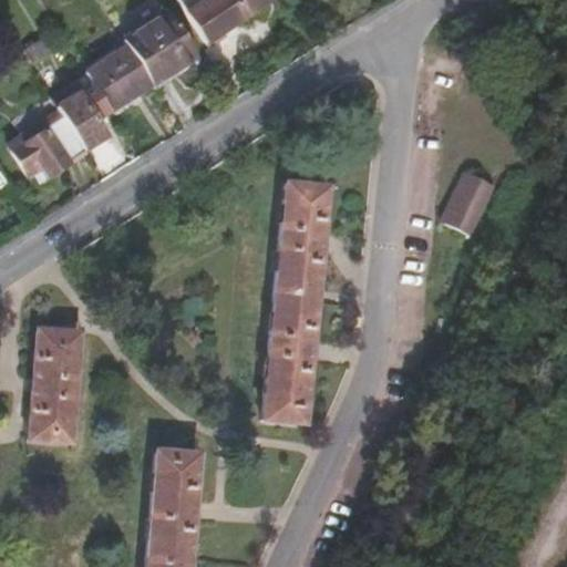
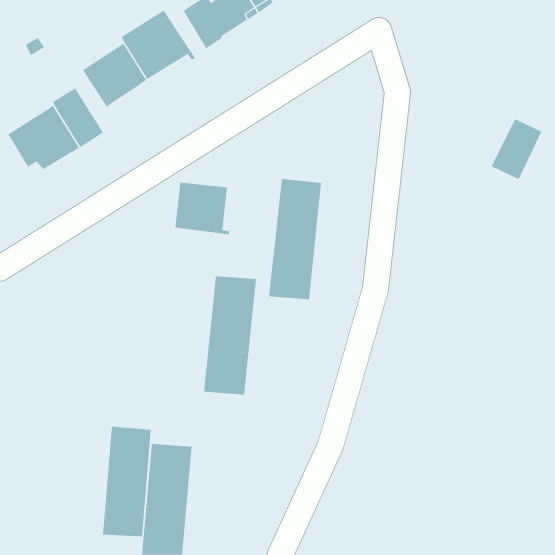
building: [443,172,495,234] -> [491,119,542,180]
building: none -> [175,182,230,235]
building: [264,300,318,421] -> [203,276,257,395]
building: [31,327,81,439] -> [102,426,152,537]

